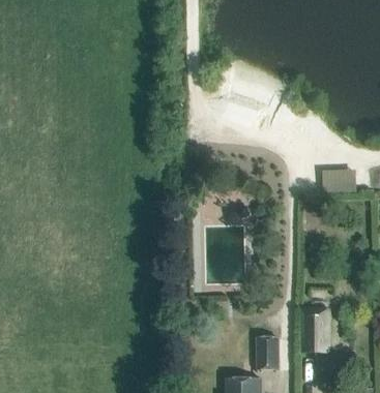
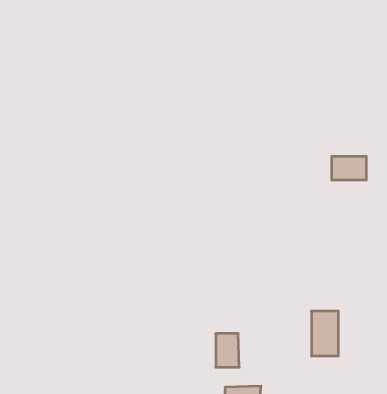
building: [256,338,277,369] -> [216,334,239,367]

